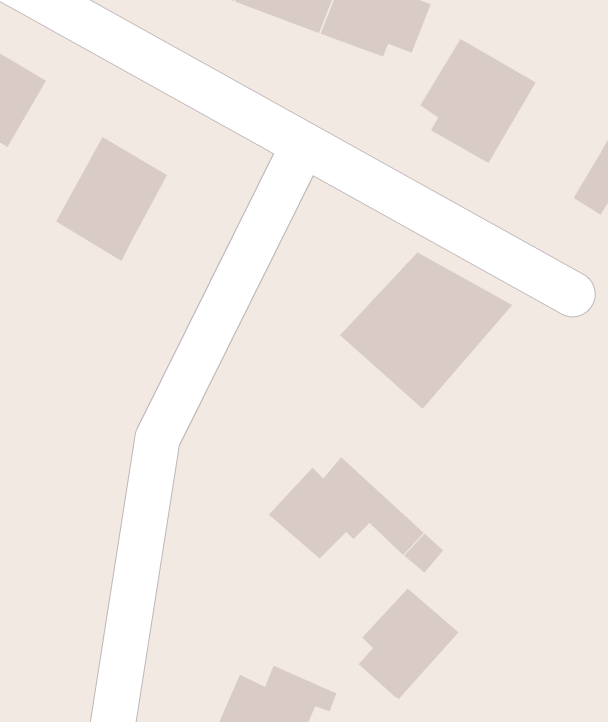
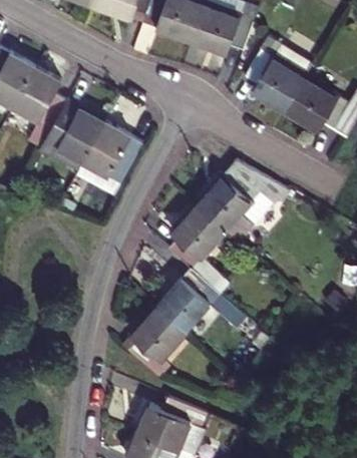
building: none -> [11,65,64,143]
building: none -> [282,80,344,133]
building: none -> [73,118,139,191]
building: none -> [169,208,226,272]
building: [358,588,459,700] -> [129,310,187,373]

